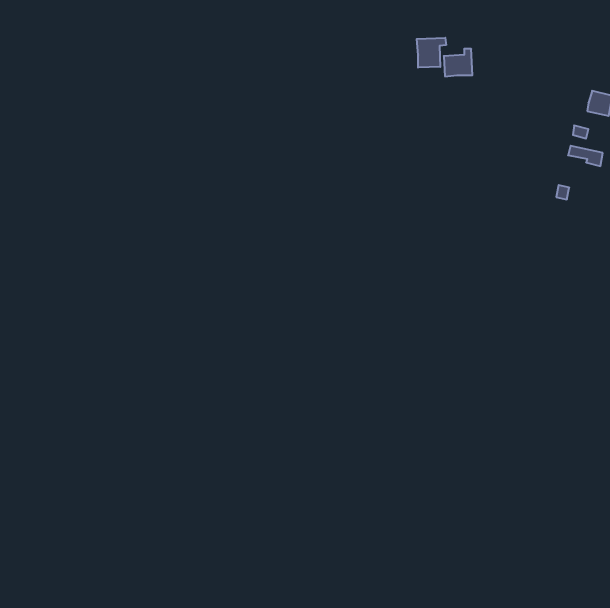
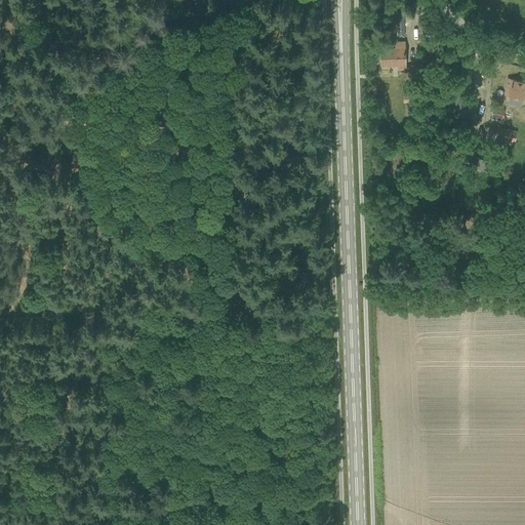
building: [417,38,446,68] -> none

